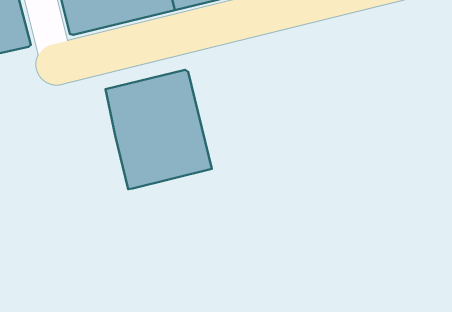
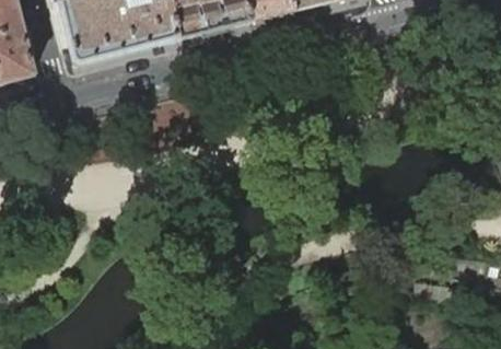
building: [106,70,212,189] -> none

